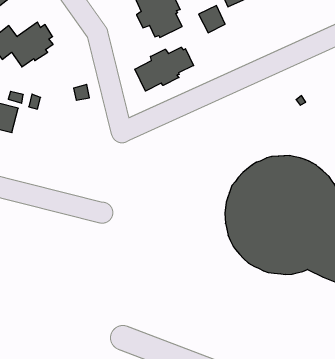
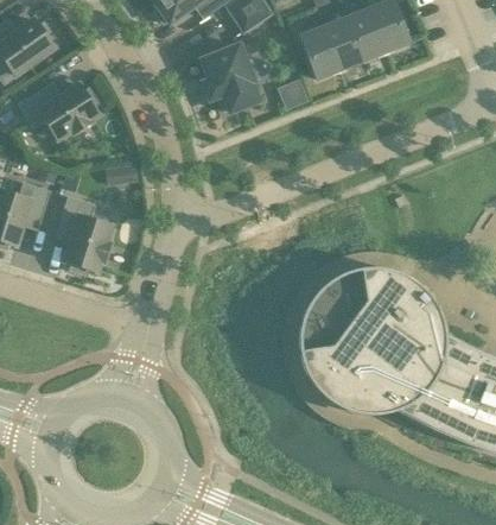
building: [135,47,194,91] -> none
building: none -> [59,196,113,274]

